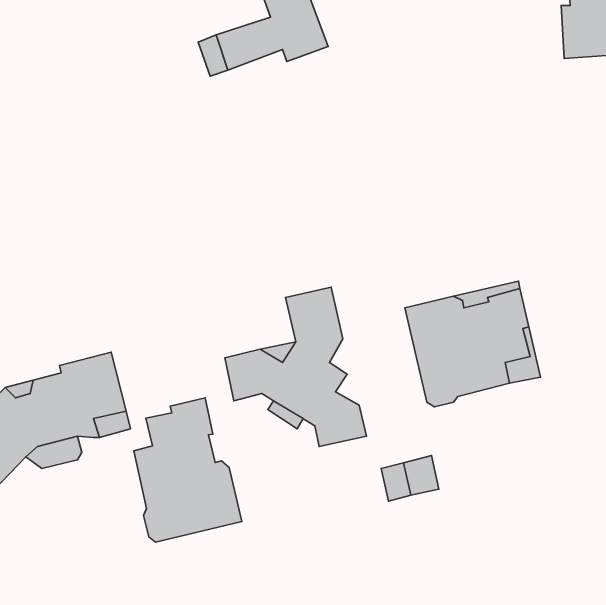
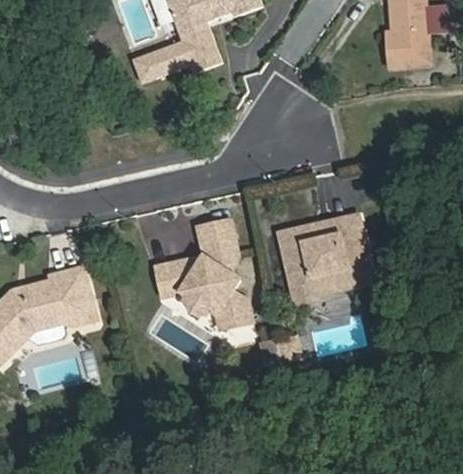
building: [134,398,242,542] -> none

